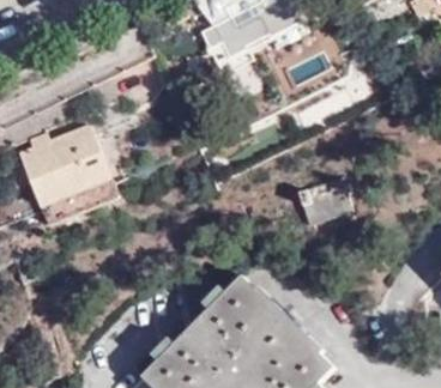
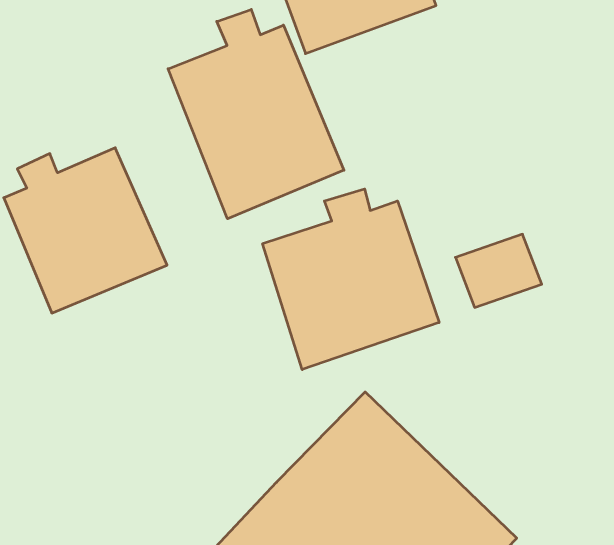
building: none -> [168,9,344,219]
building: none -> [263,189,439,370]

